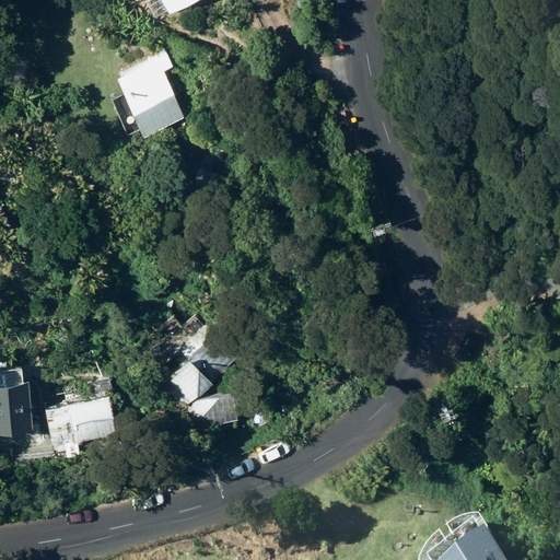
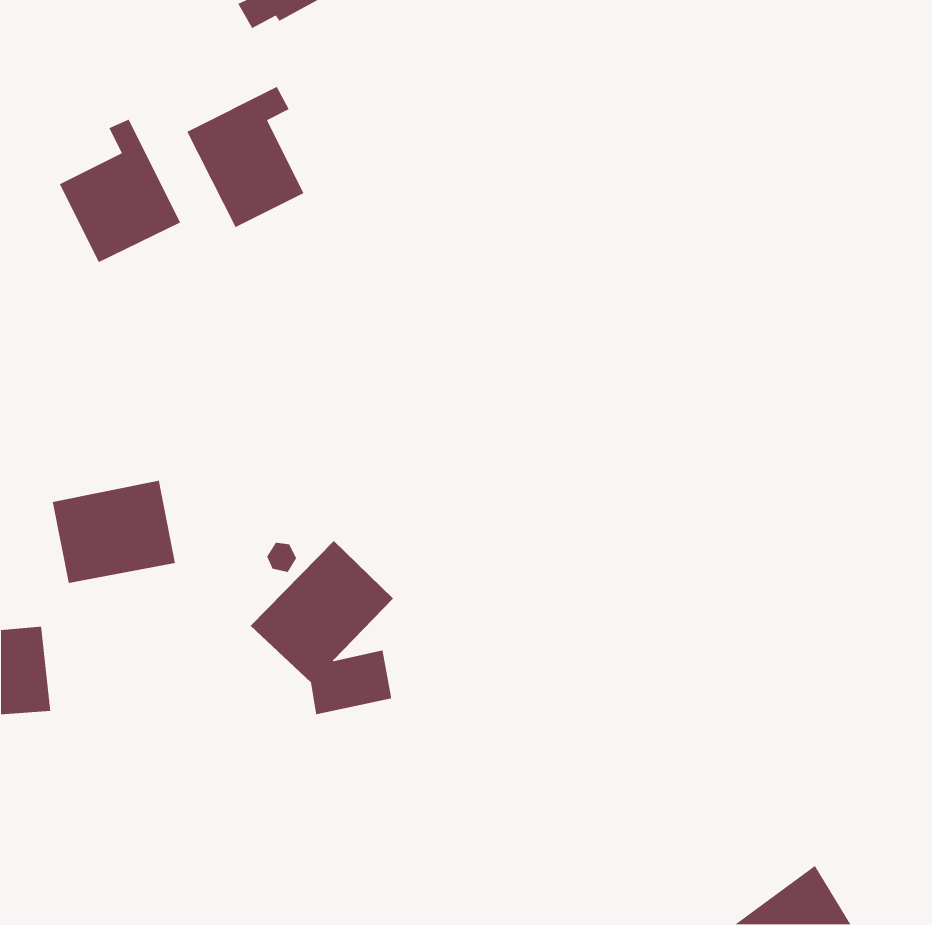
building: none -> [59,119,181,263]
building: [44,395,118,457] -> [52,480,176,584]

